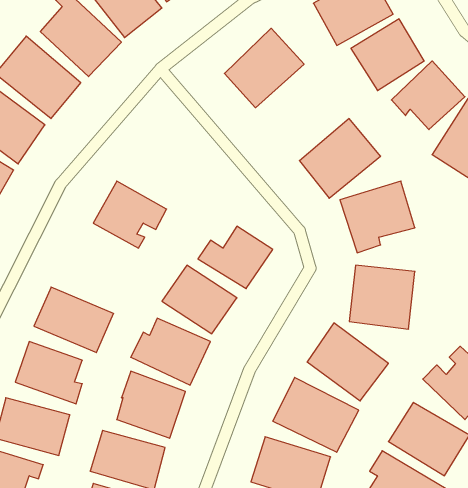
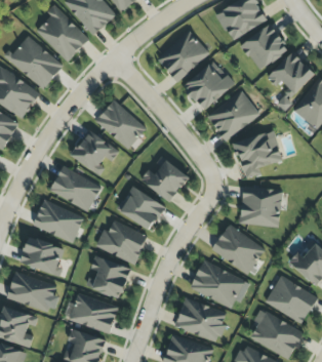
building: none -> [183,61,234,111]
building: none -> [95,99,146,149]
building: none -> [49,165,102,211]

